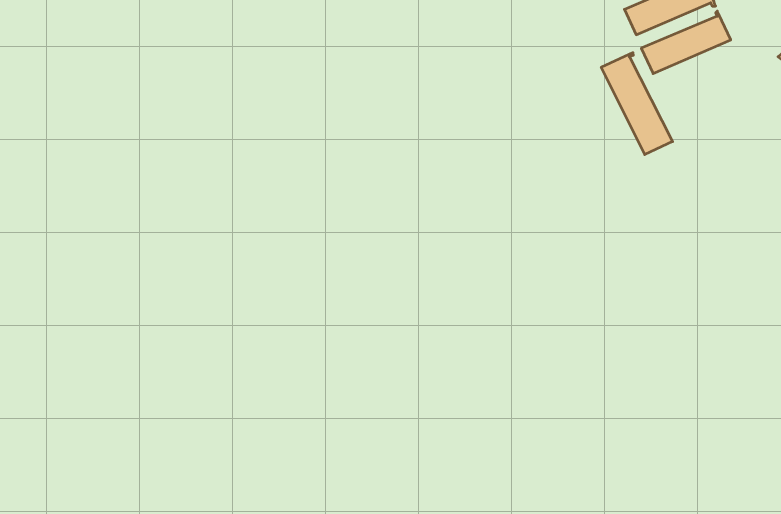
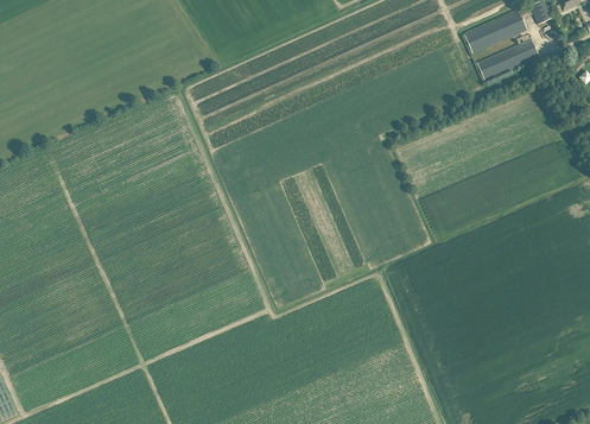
building: [601,53,673,155] -> none

